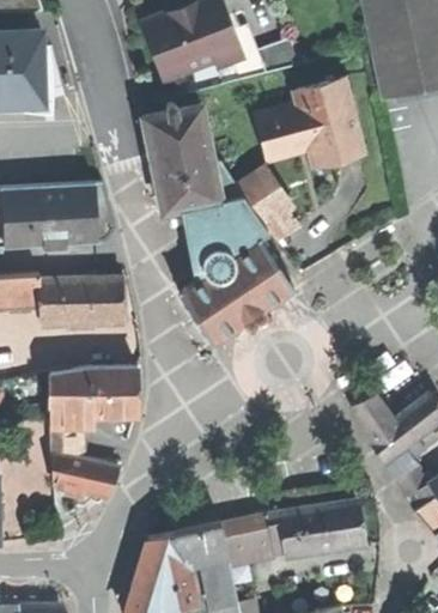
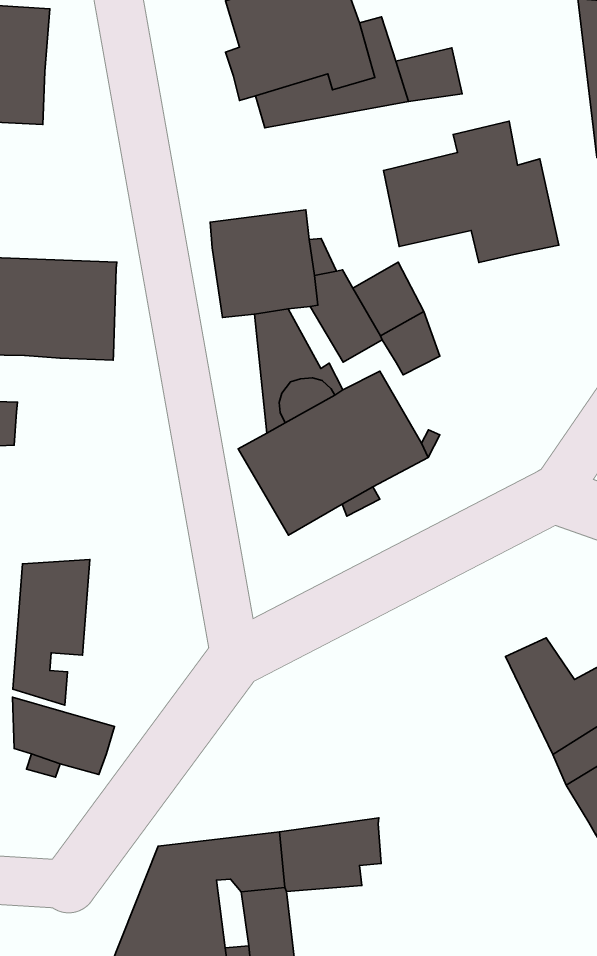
building: [141,104,207,156] -> none
building: [201,202,269,251] -> none
building: [41,278,126,326] -> none
building: [92,366,138,414] -> none
building: [280,502,364,556] -> none

